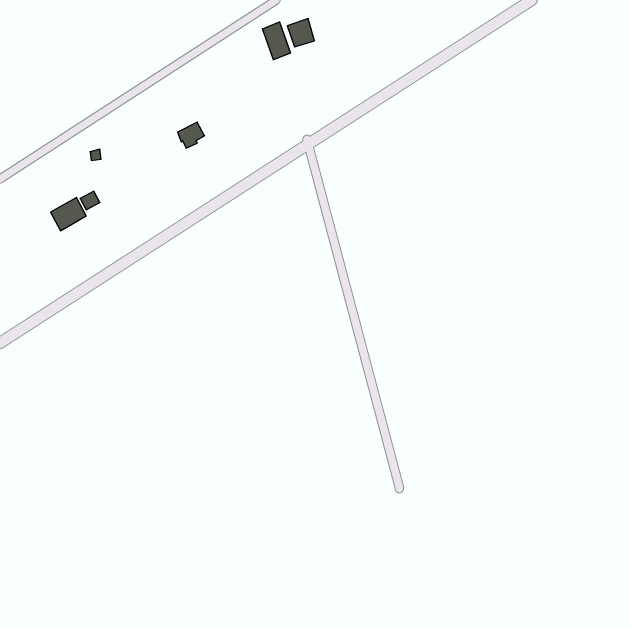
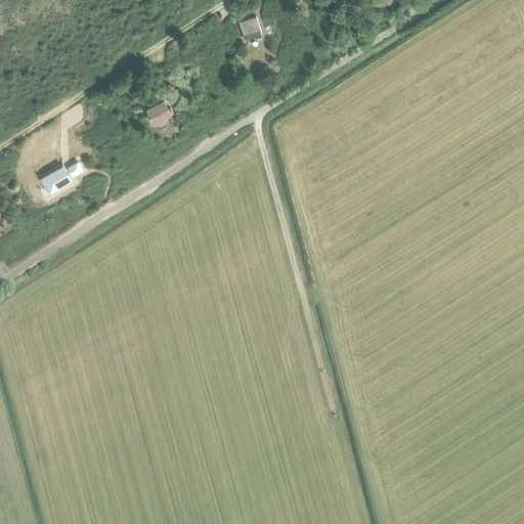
building: [262,22,290,60] -> none

